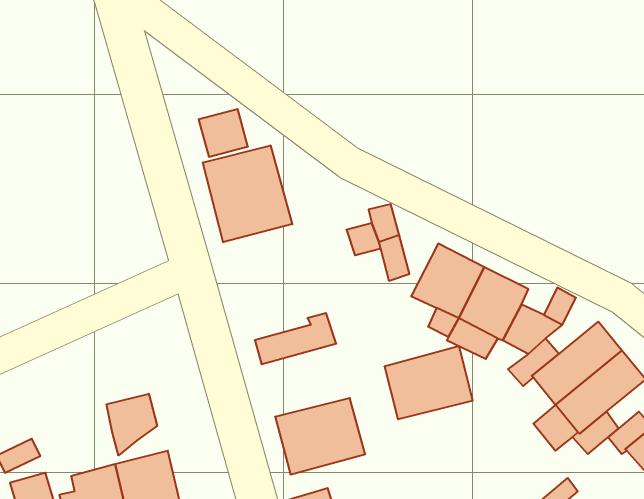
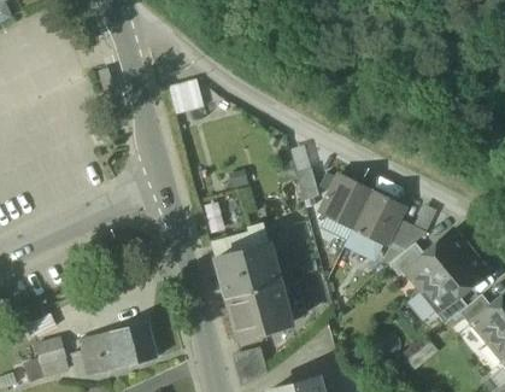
building: [203,145,292,242] -> none
building: [384,346,473,419] -> [216,247,278,299]
building: [107,394,157,455] -> none

